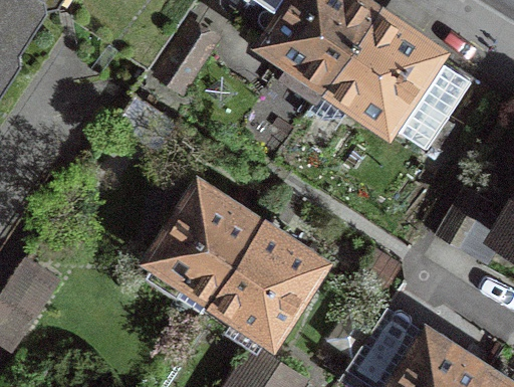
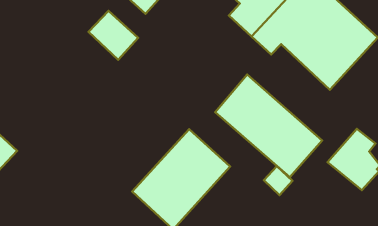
building: none -> [215,75,322,177]
building: [144,181,261,308] -> none

